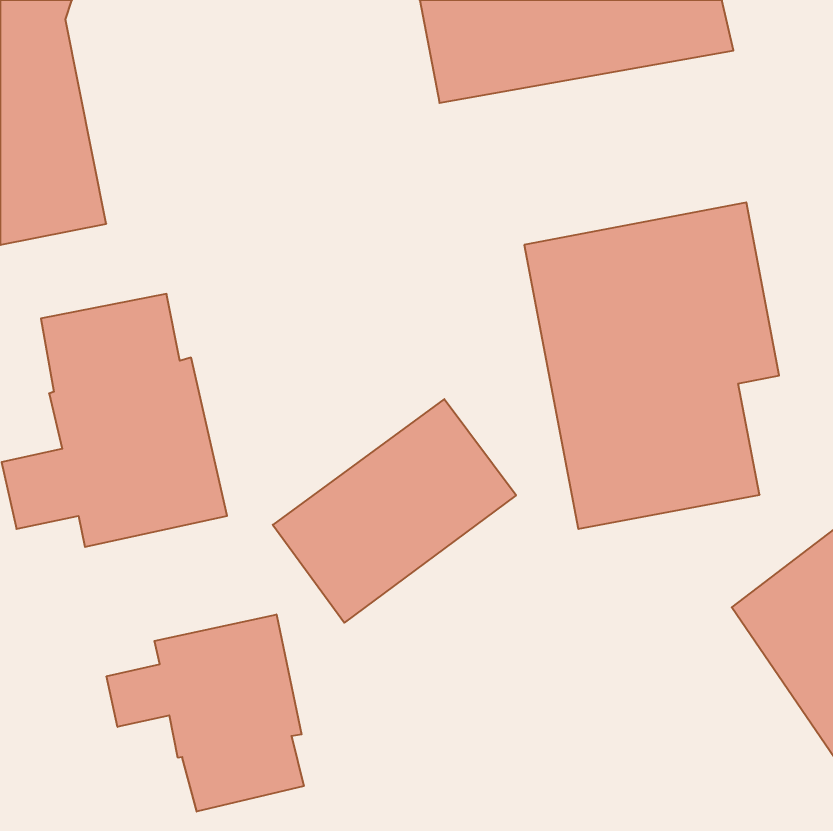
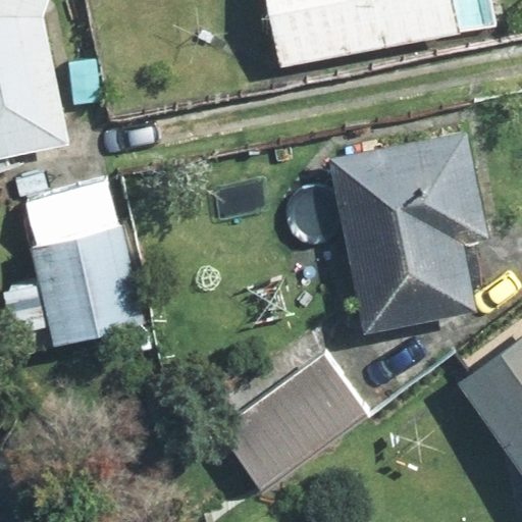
building: [273,399,516,623] -> [217,353,369,492]
building: [107,614,304,812] -> none

